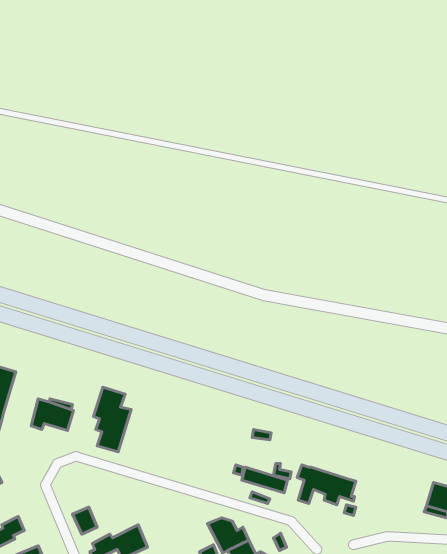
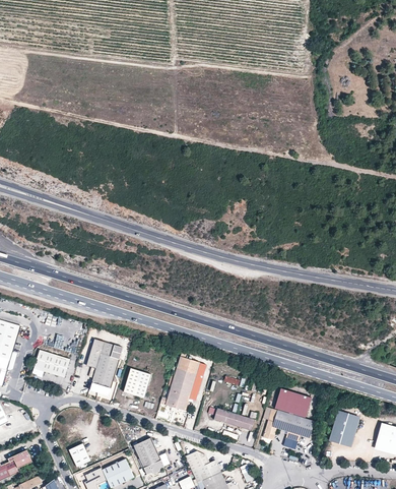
building: none -> [167,357,206,411]
building: none -> [124,368,150,398]
building: none -> [275,389,313,419]
building: none -> [327,408,359,445]
building: none -> [134,437,164,475]

